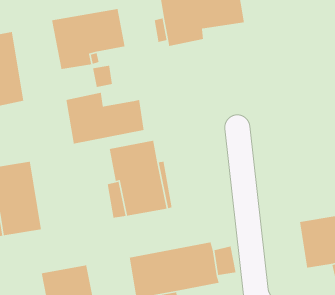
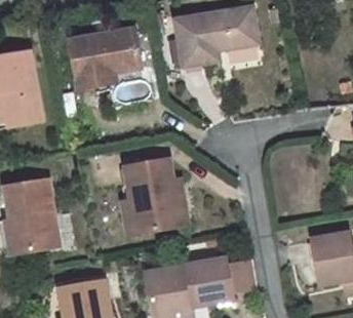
building: [65,92,144,145] -> none

